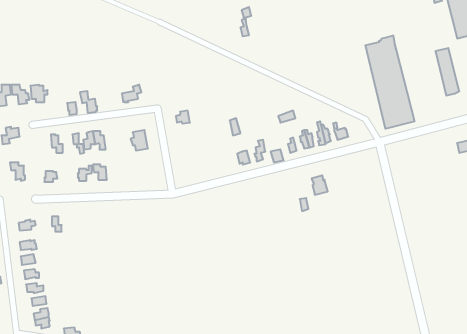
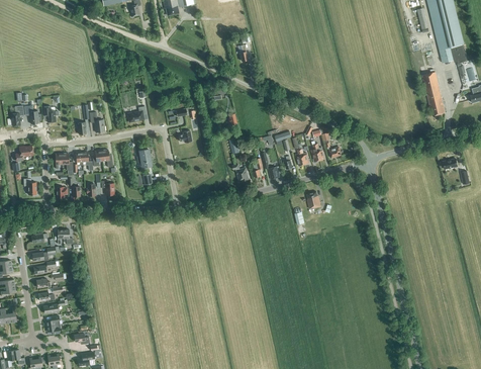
building: [365,35,414,129] -> none

